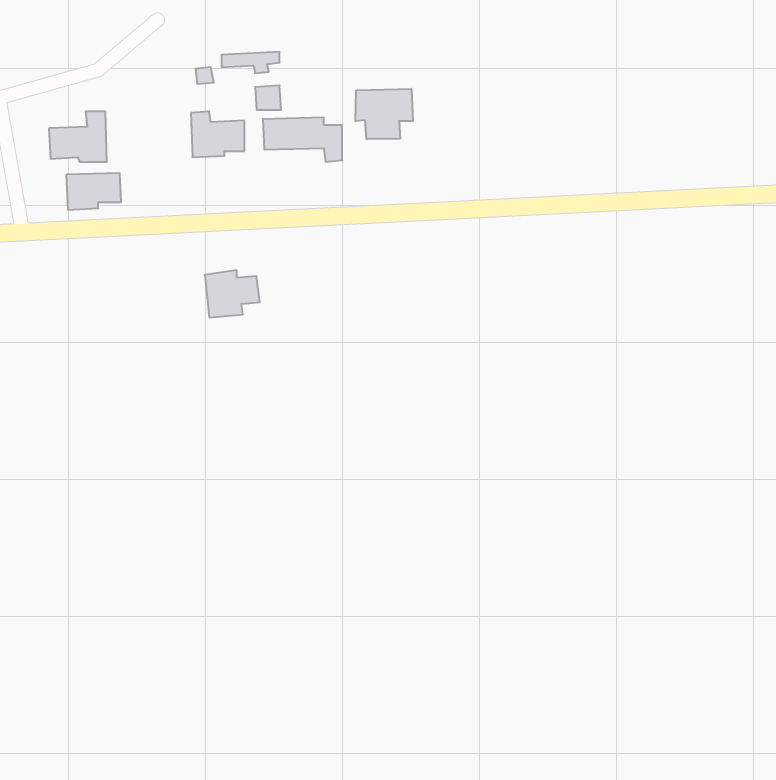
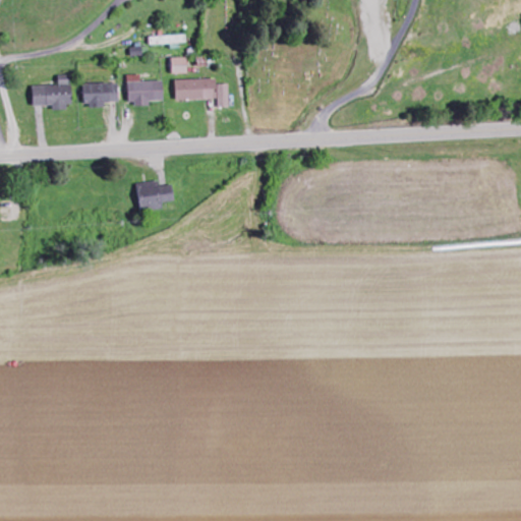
building: [356,89,413,139] -> none
building: [66,173,121,210] -> [82,82,119,107]

